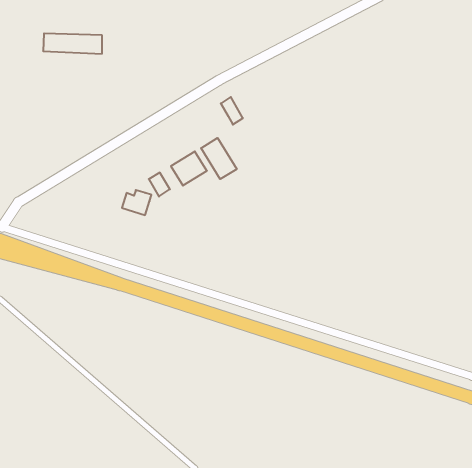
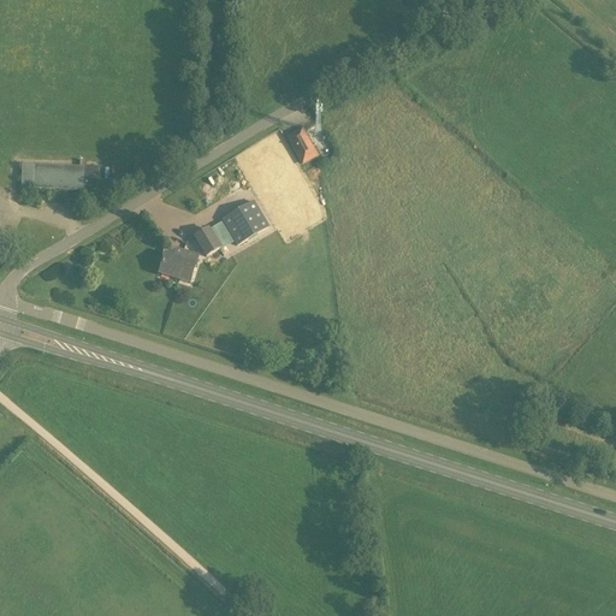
building: [43,33,102,54] -> [20,161,97,188]
building: [201,138,237,179] -> none

